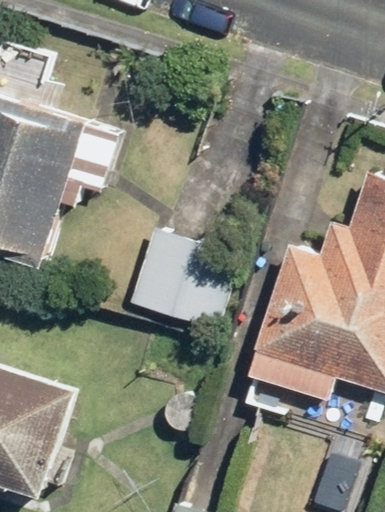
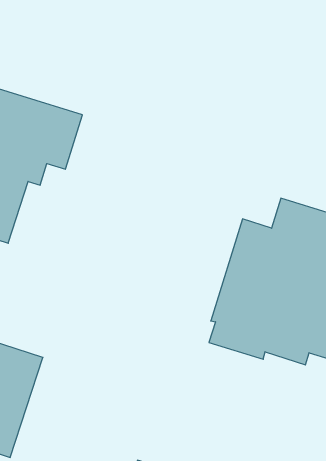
building: [127,228,237,329] -> none

